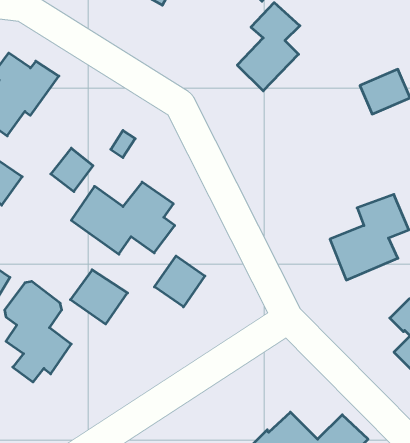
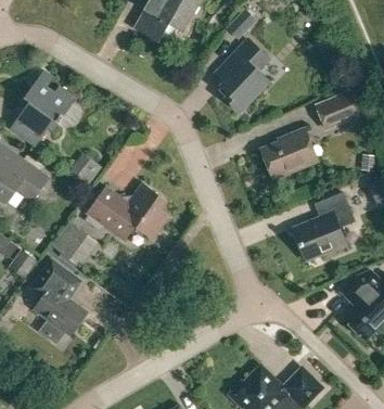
building: none -> [260,129,317,179]
building: [154,256,205,307] -> none
building: [70,270,128,324] -> [51,223,97,267]

